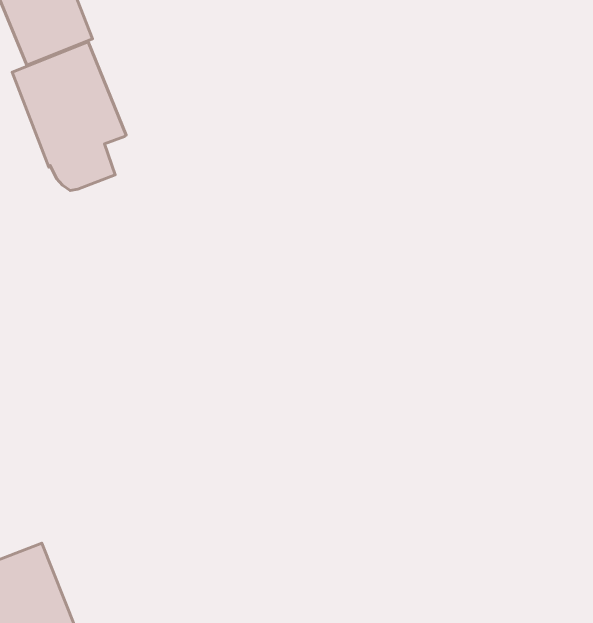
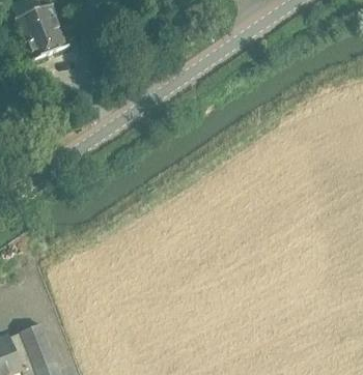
building: [12,42,126,190] -> none

